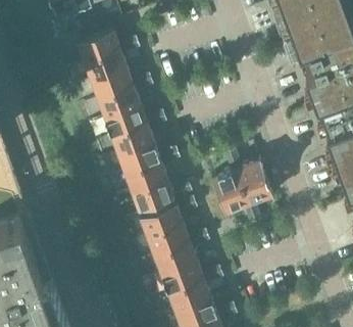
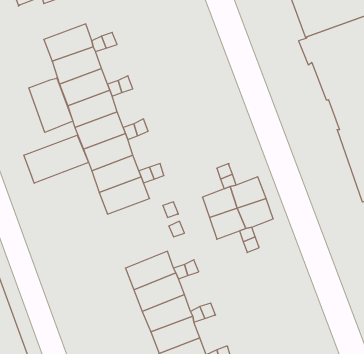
building: none -> [29,78,73,132]
building: none -> [24,135,89,183]
building: [129,181,171,214] -> none
building: [137,207,180,240] -> none

